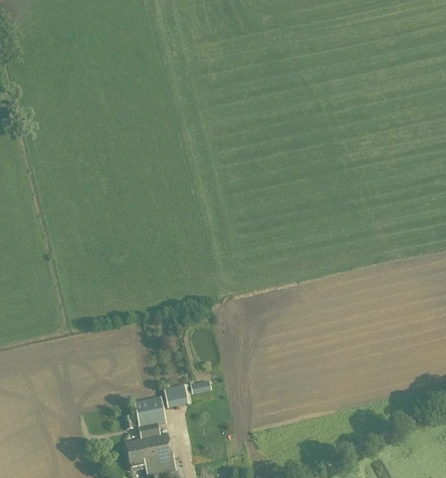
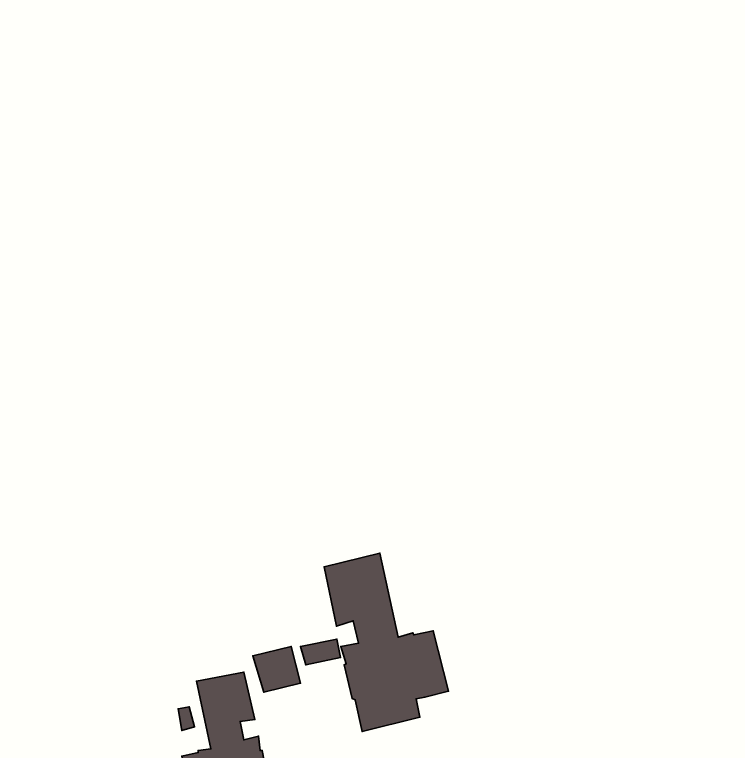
building: none -> [324,553,448,732]

